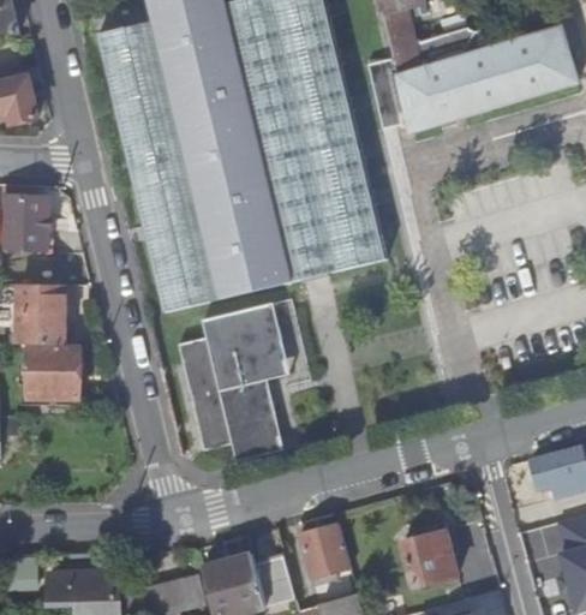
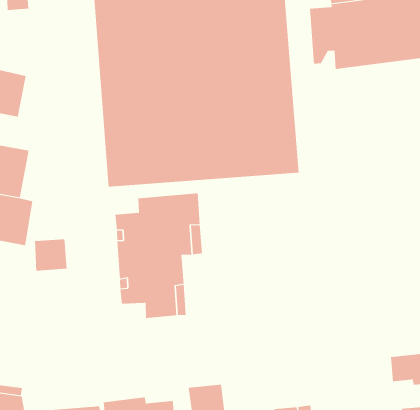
building: none -> [34,238,67,272]

